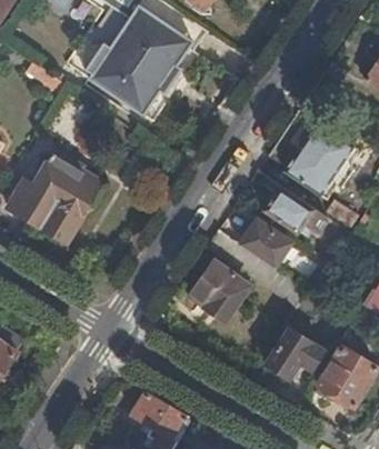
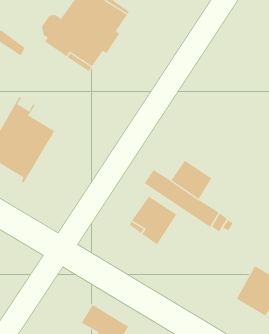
building: [287,121,353,193] -> none
building: [265,183,328,231] -> none
building: [267,329,325,379] -> none

